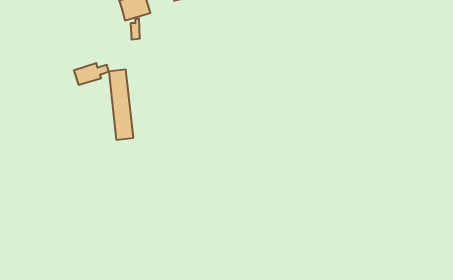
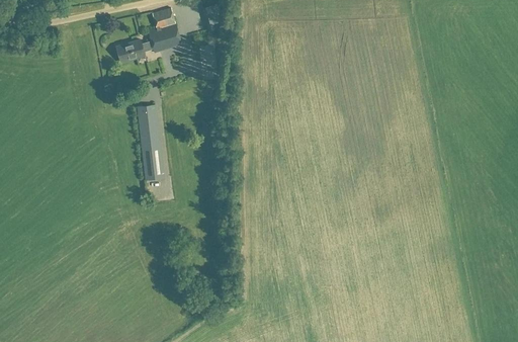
building: [74,63,109,85] -> [116,38,154,62]

